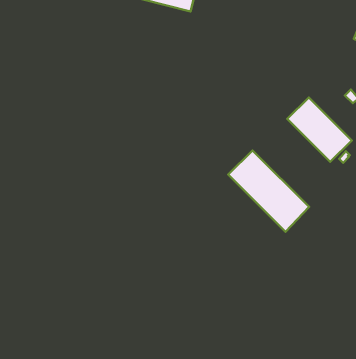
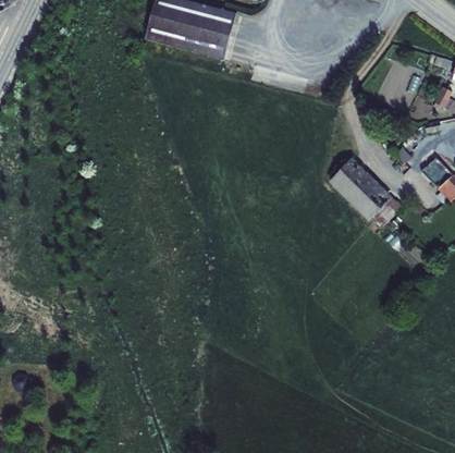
building: [228,150,309,232] -> none

